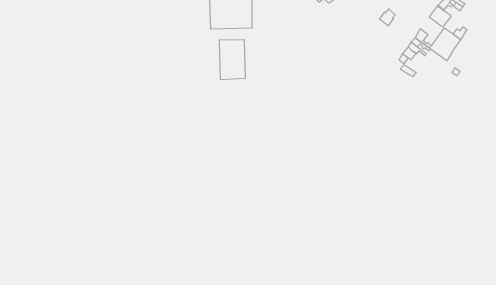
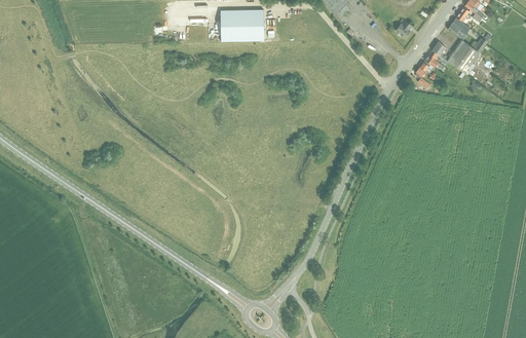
building: [219,39,245,80] -> none

